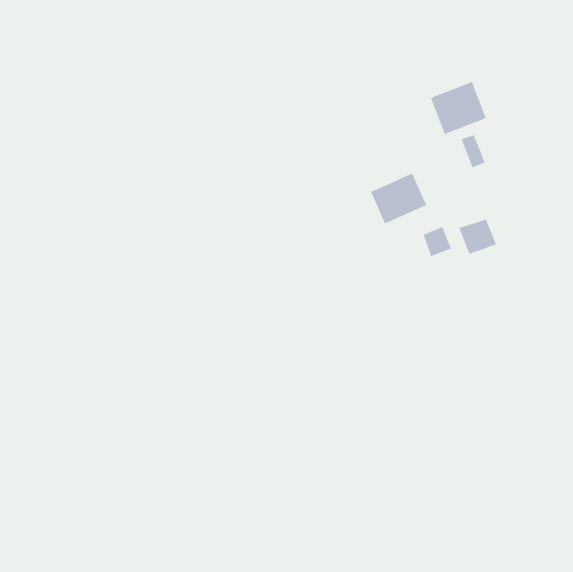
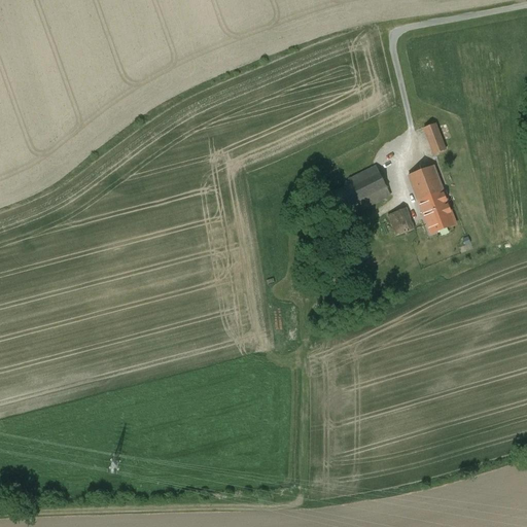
building: [430,81,487,135] -> none
building: none -> [408,166,447,209]

